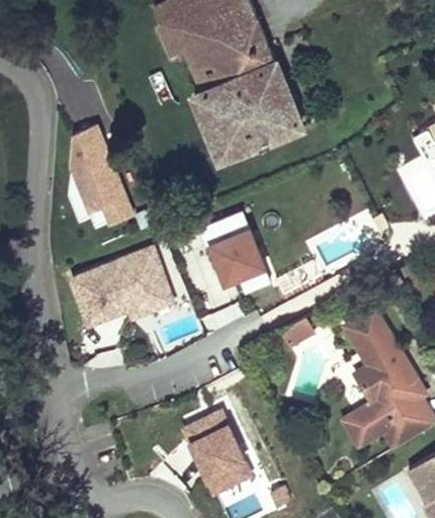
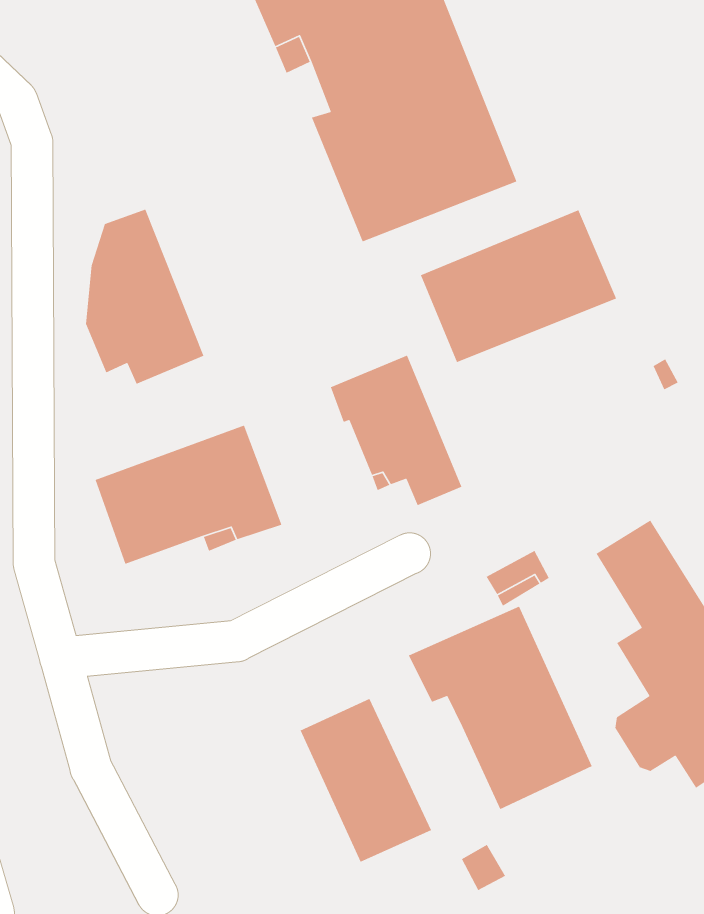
building: none -> [420,209,617,363]
building: none -> [408,605,593,810]

